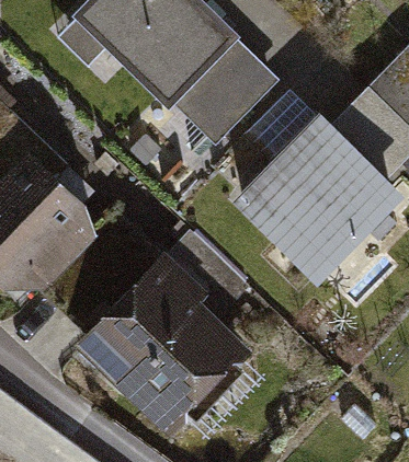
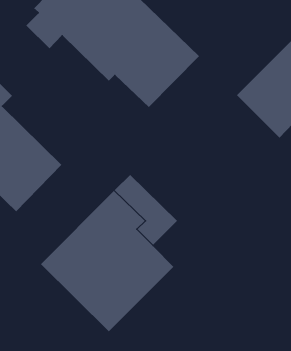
building: [231,117,395,279] -> none

